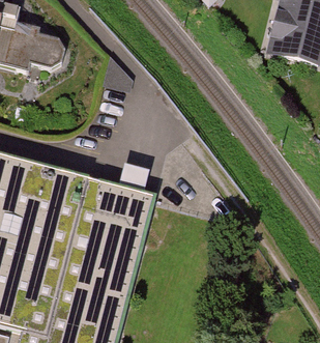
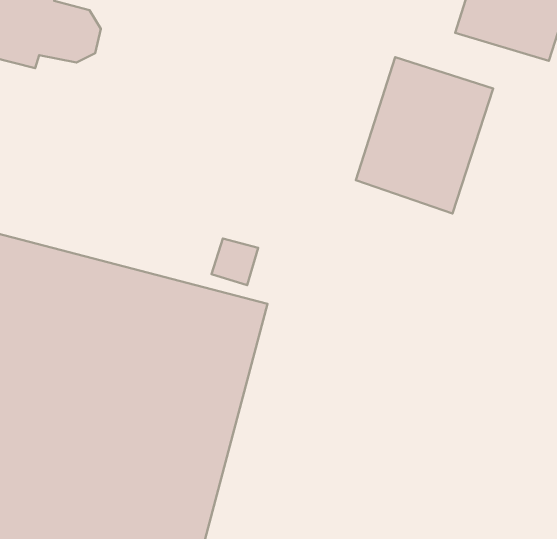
building: none -> [356,57,493,213]

